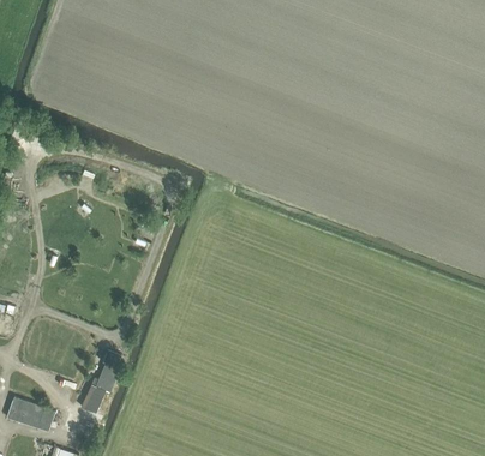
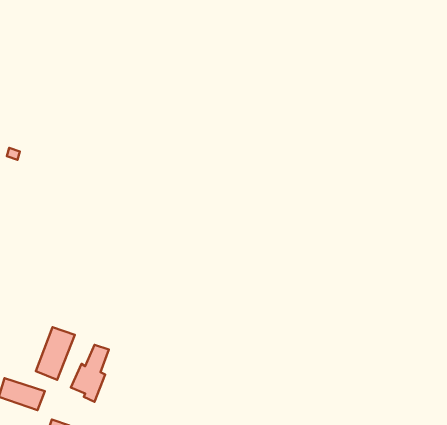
building: none -> [36,327,75,380]

